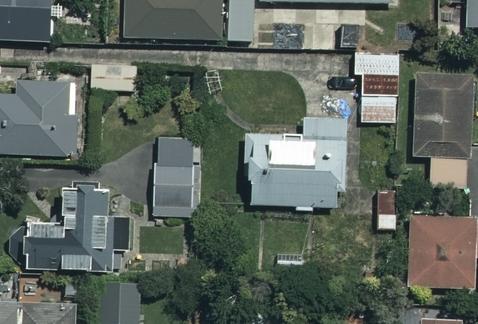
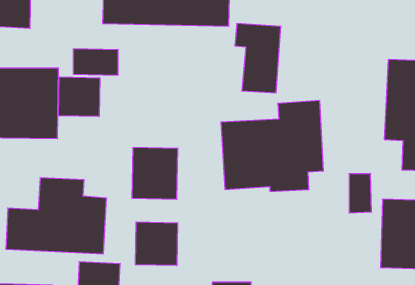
building: [353,51,400,122] -> [235,23,281,93]
building: none -> [59,77,100,117]
building: none -> [136,222,177,266]

